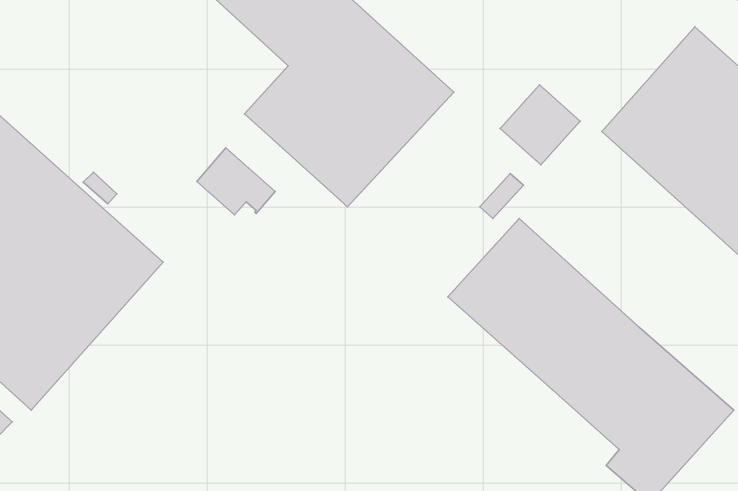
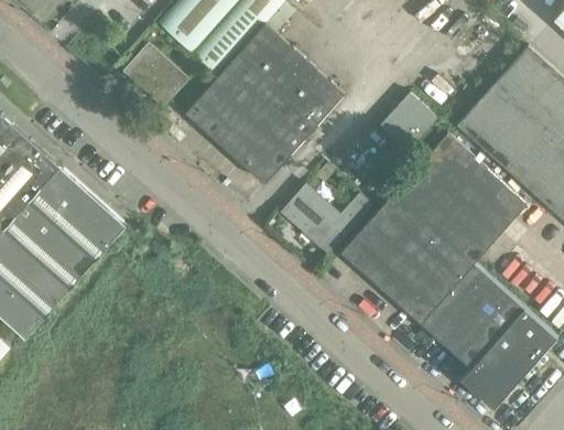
building: none -> [394,132,527,262]
building: [197,148,275,215] -> [126,46,185,97]
building: none -> [283,186,372,245]

